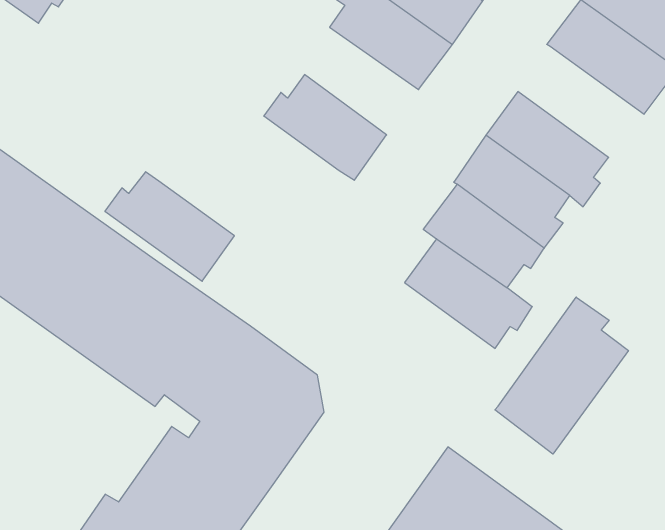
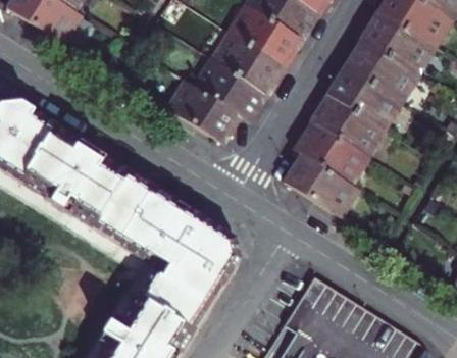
building: none -> [210,34,286,95]
building: none -> [344,38,420,103]
building: [105,172,234,281] -> [165,83,242,145]
building: [495,297,628,454] -> none

